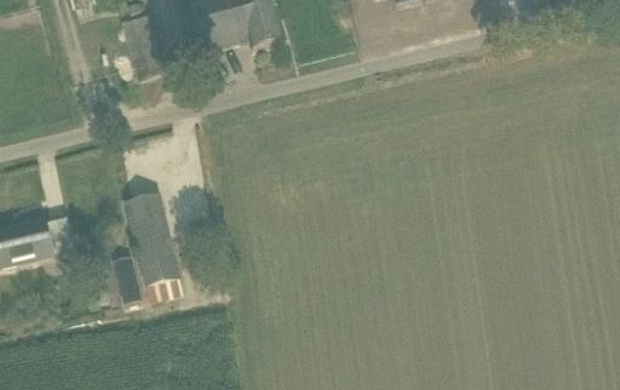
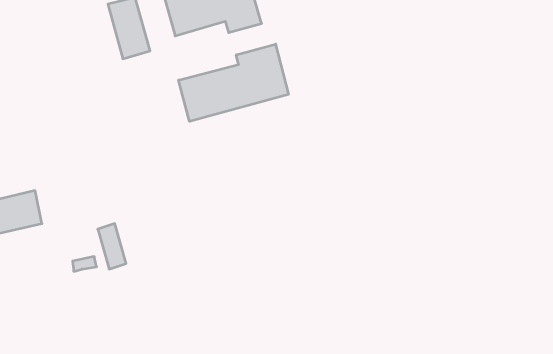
building: none -> [179,44,288,121]
building: [122,185,180,296] -> none

